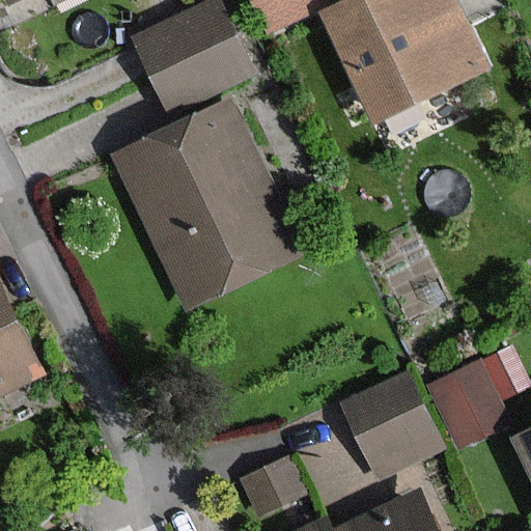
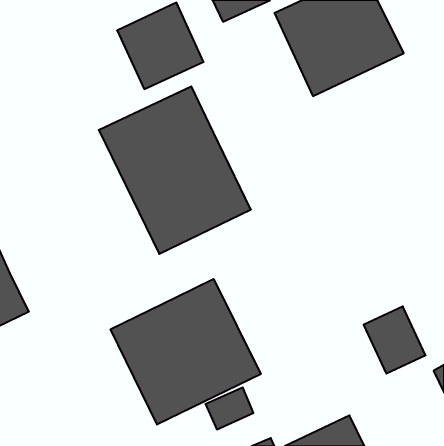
building: none -> [111,279,261,425]
building: [343,375,437,475] -> none

